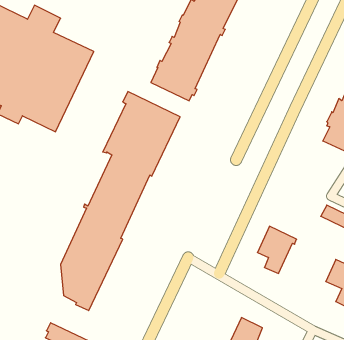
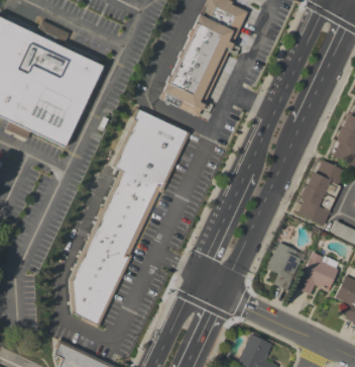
building: none -> [297,160,345,225]
building: none -> [297,252,338,293]

